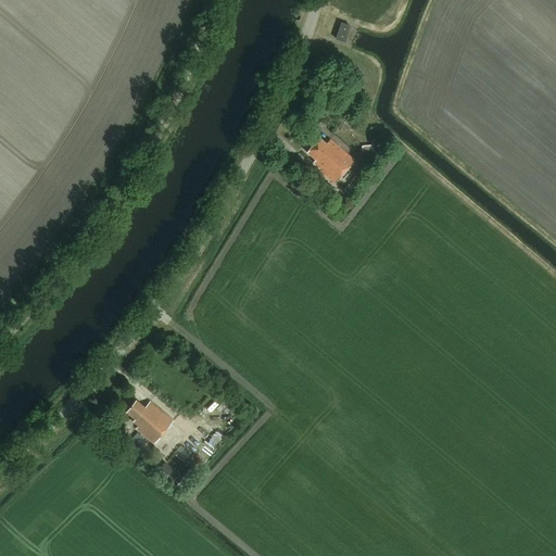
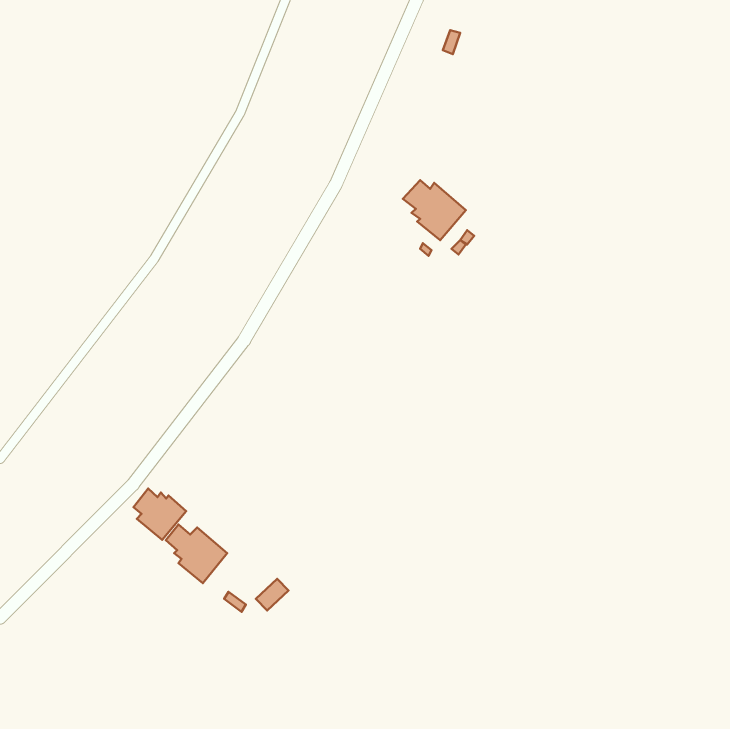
building: none -> [133,488,186,540]

